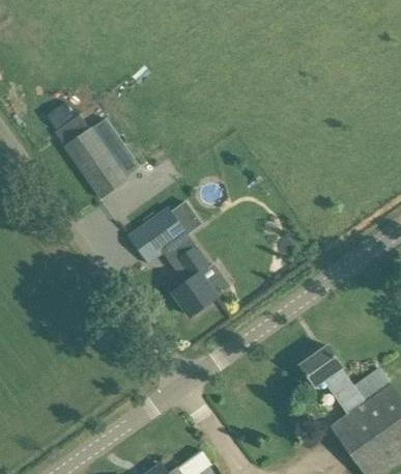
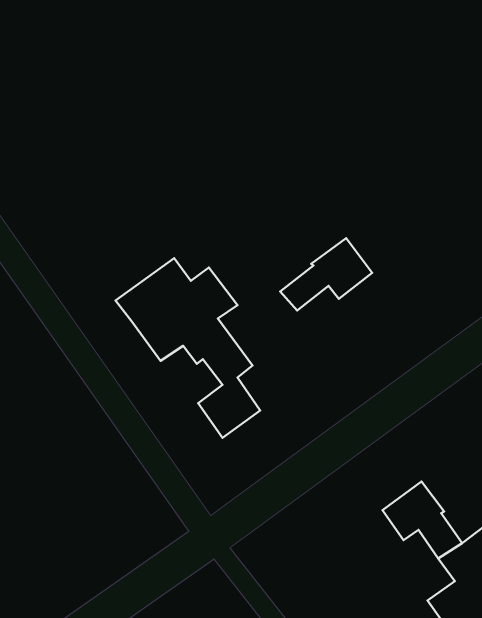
building: [54,115,138,198] -> none
building: none -> [280,238,372,310]

